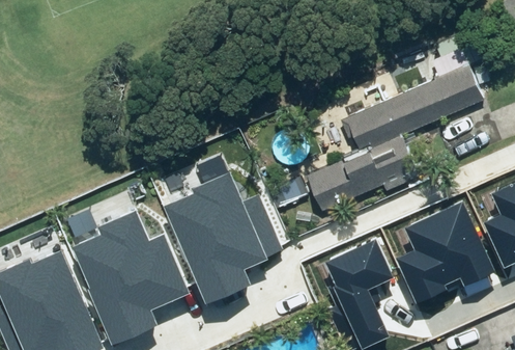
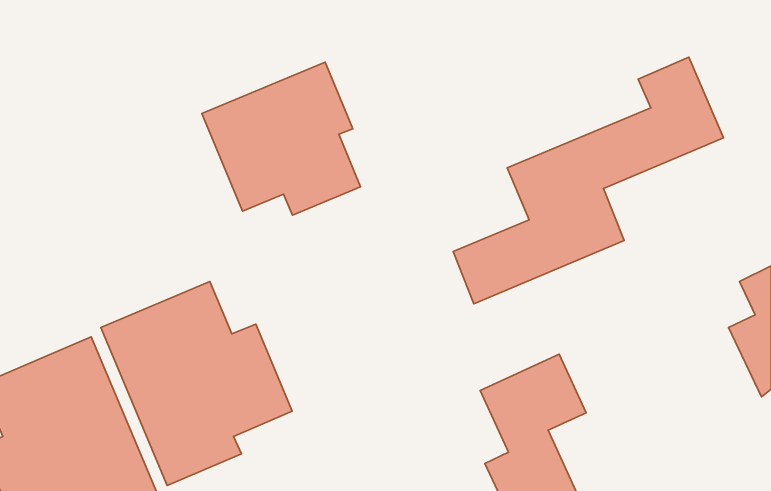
building: none -> [202,62,360,215]
building: [173,165,287,291] -> none
building: [397,203,494,309] -> none

